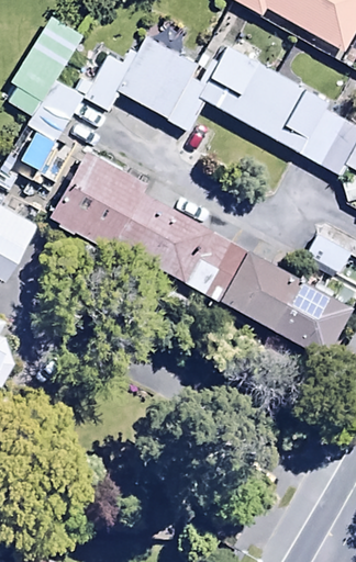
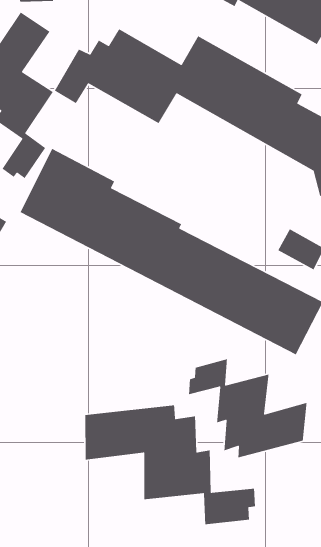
building: none -> [188,358,307,459]
building: none -> [84,405,256,525]

